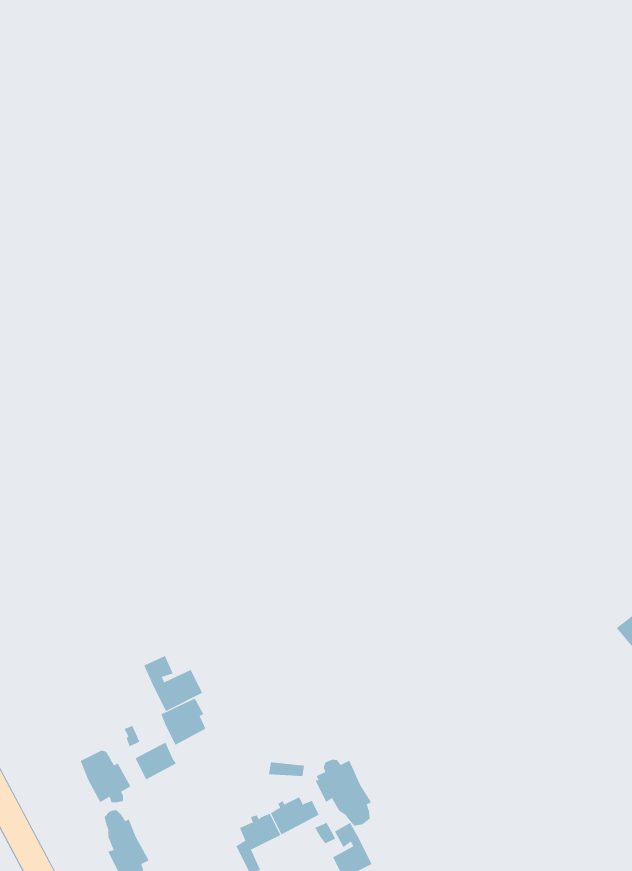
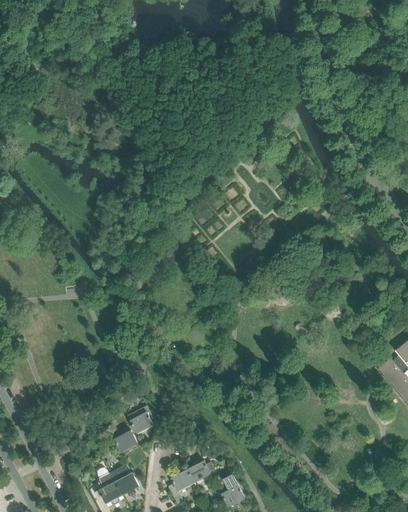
building: [144,655,203,712] -> none
building: [80,750,131,803] -> [111,466,139,495]
building: [315,759,372,826] -> none

